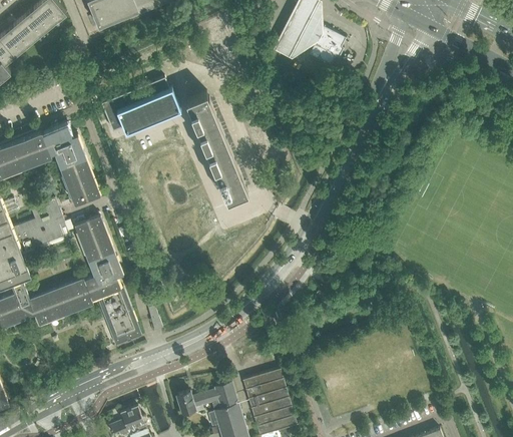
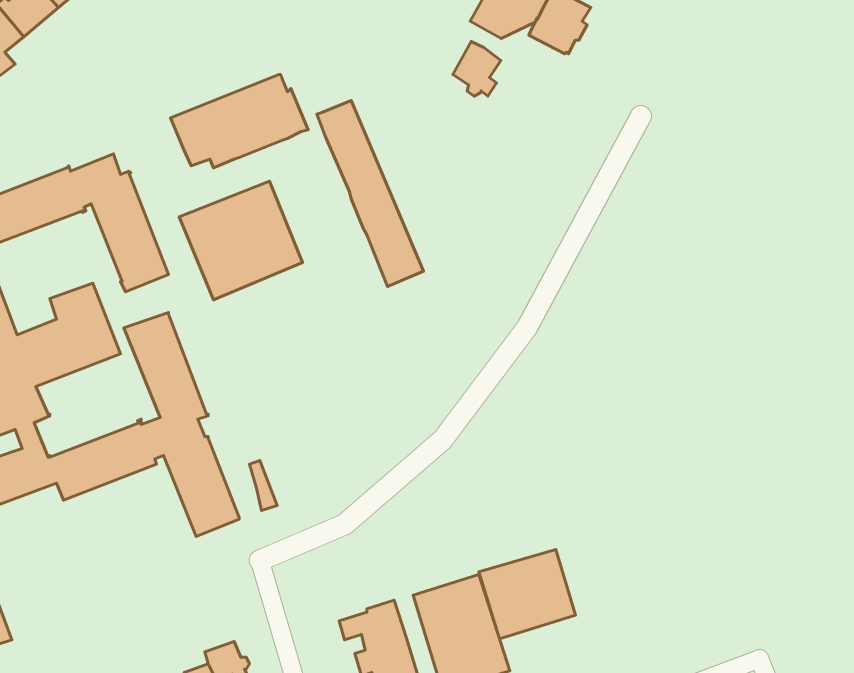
building: none -> [453,42,501,96]
building: none -> [179,181,303,300]
building: none -> [479,550,576,639]
building: [174,392,202,415] -> none

